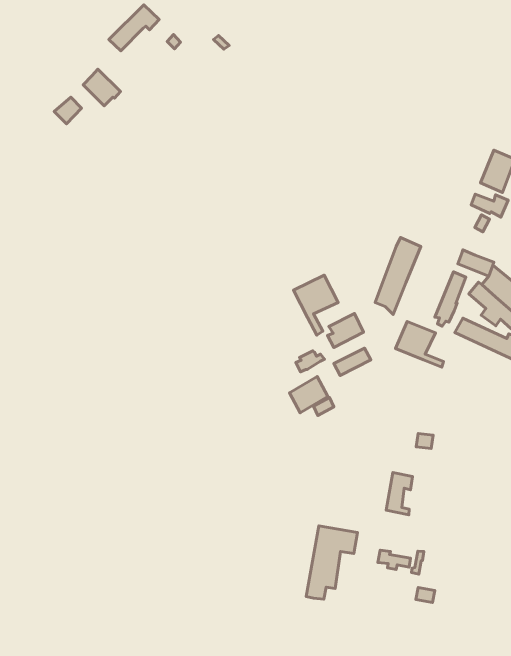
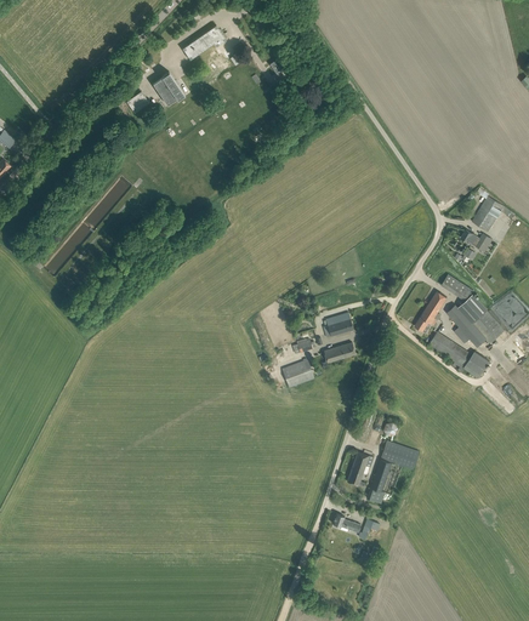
building: [375,238,421,315] -> none
building: [294,275,338,335] -> none
building: [395,321,443,367] -> none
building: [306,526,358,599] -> [366,440,419,502]

